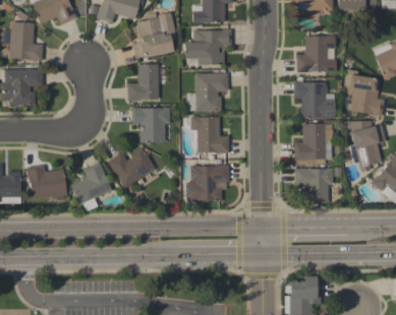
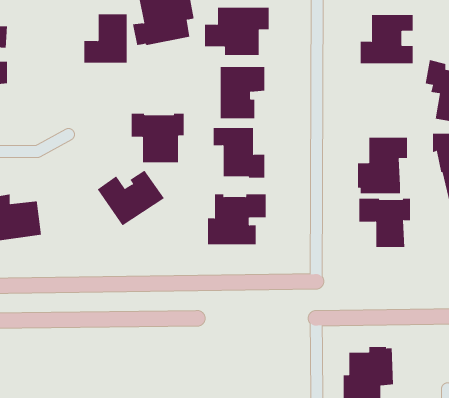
building: [127,64,159,100] -> [84,14,127,63]
building: [294,81,335,118] -> none
building: [70,162,113,211] -> none

